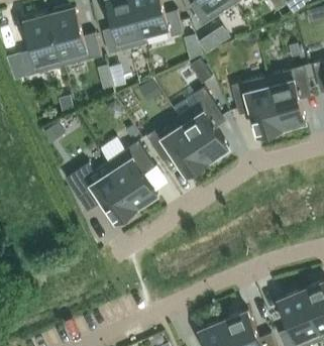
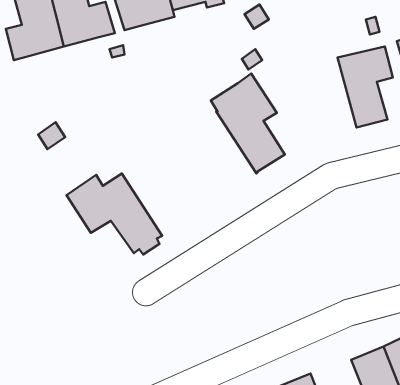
building: [230,76,282,136] -> none
building: [145,116,207,176] -> none
building: [106,142,156,209] -> none

